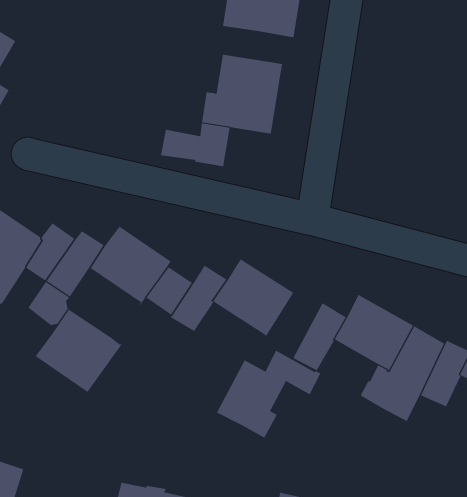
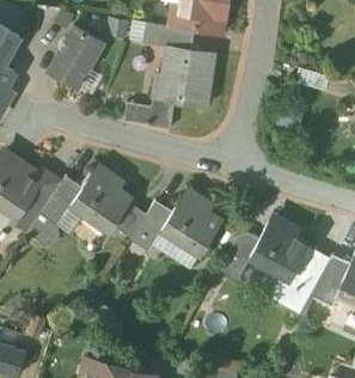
building: none -> [143,23,195,50]
building: none -> [49,25,104,87]
building: [35,308,122,393] -> none
building: [216,350,321,438] -> none

